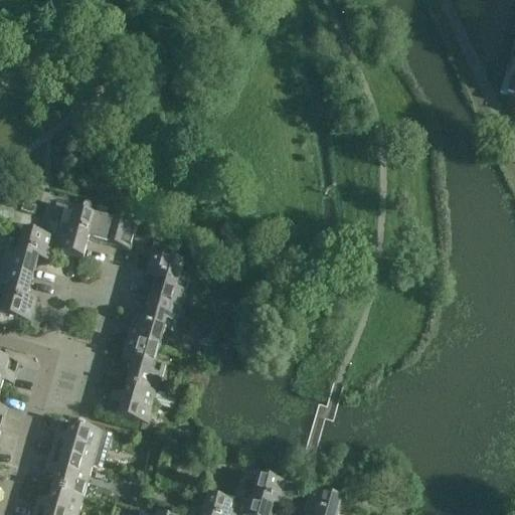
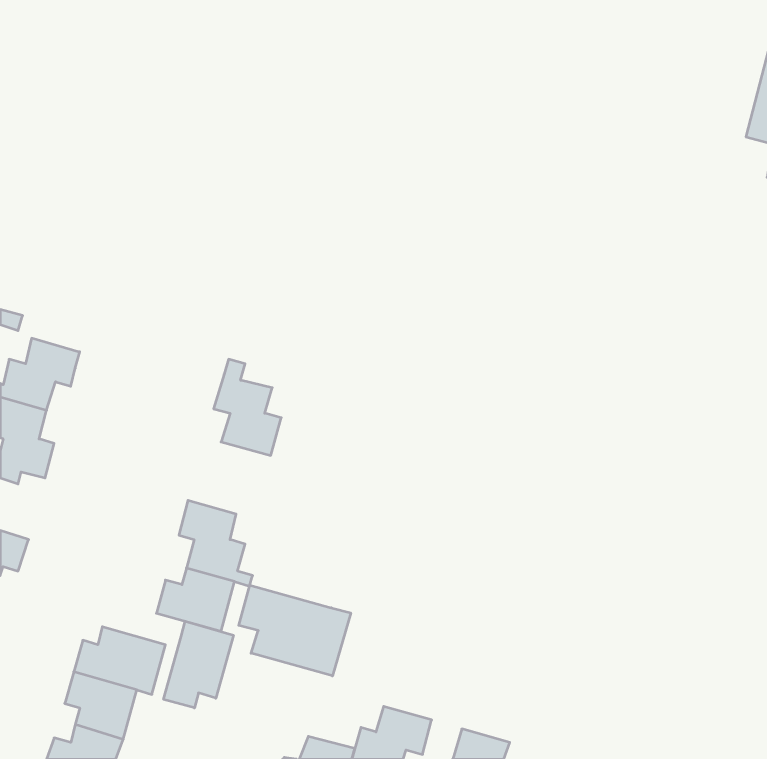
building: [51,203,137,255] -> none
building: [127,296,182,344] -> none
building: none -> [239,585,351,676]
building: none -> [164,621,233,708]

